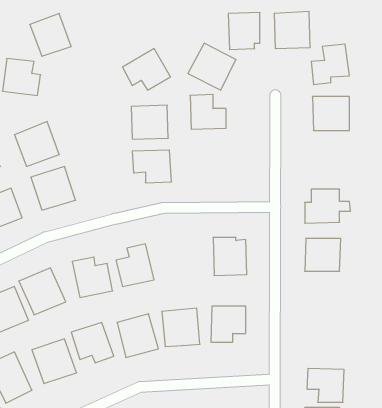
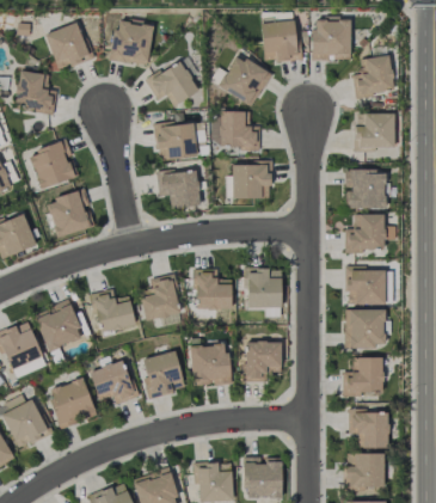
building: none -> [110,19,153,66]
building: none -> [232,164,270,200]
building: none -> [344,171,386,209]
building: none -> [195,269,232,309]
building: none -> [344,309,385,349]
building: none -> [342,357,382,395]

